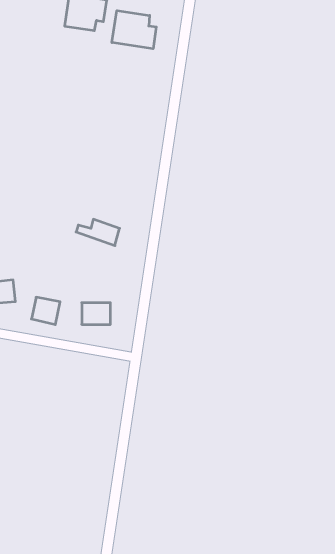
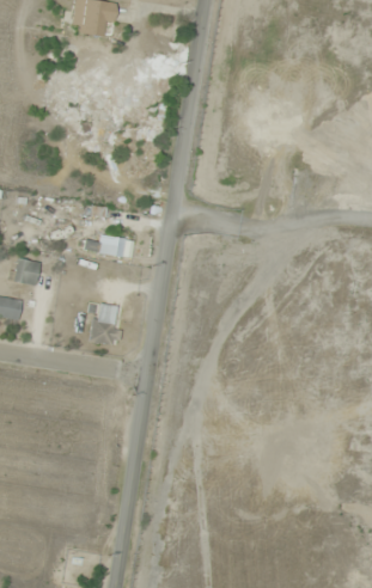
building: [112,11,156,49] -> none
building: [31,297,60,325] -> [11,257,41,286]

